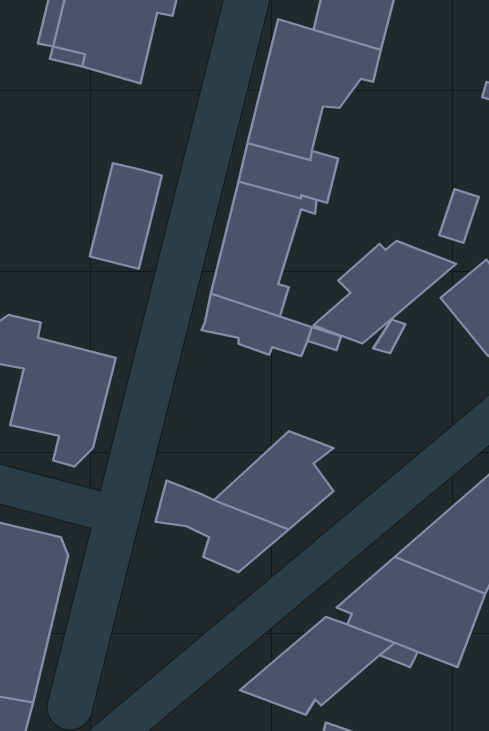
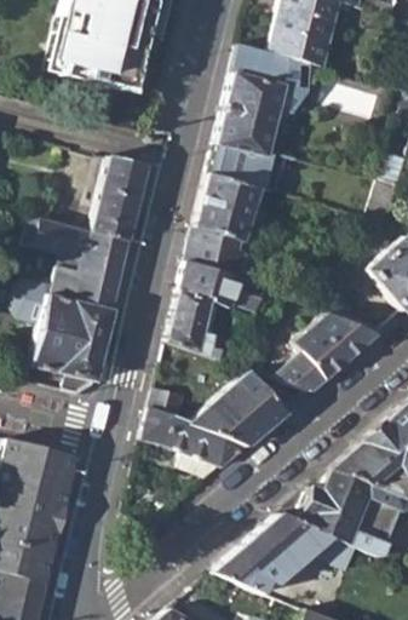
building: [314,241,456,343] -> [272,310,385,391]
building: none -> [35,218,131,310]
building: none -> [168,288,220,357]

